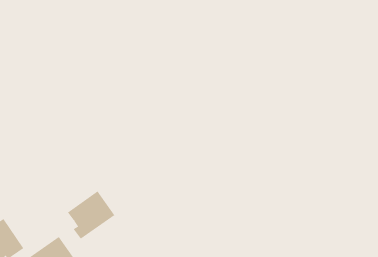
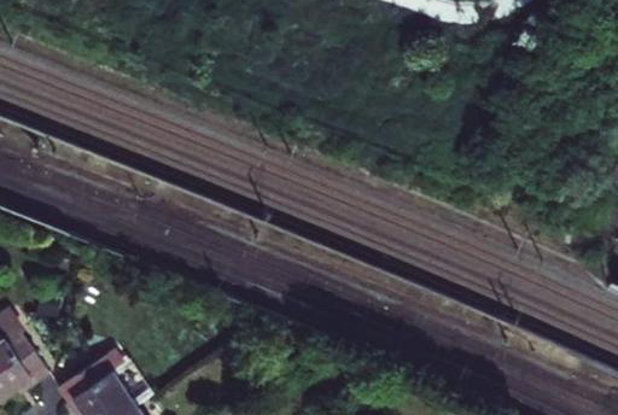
building: [67,191,115,240] -> none

